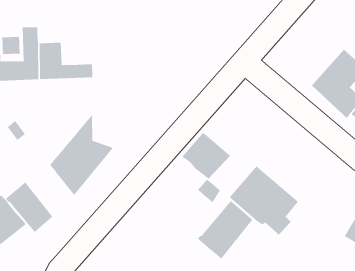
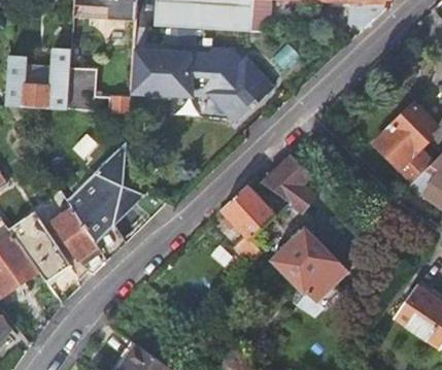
building: none -> [130,49,272,121]
building: none -> [261,156,312,210]
building: none -> [53,207,98,259]
building: [197,200,253,260] -> none

